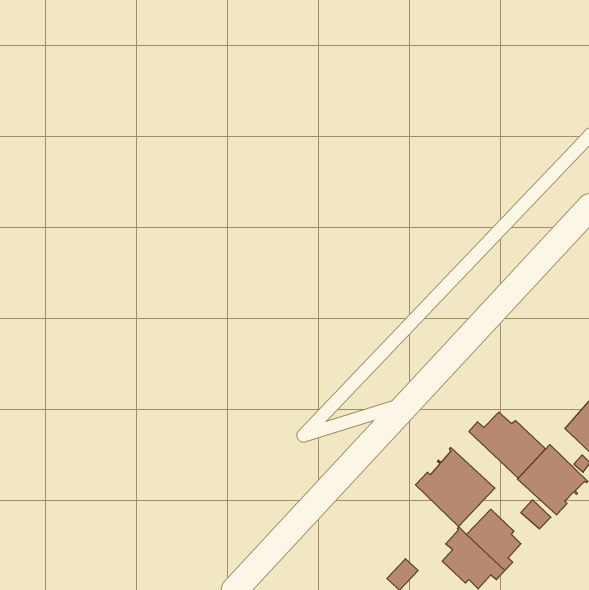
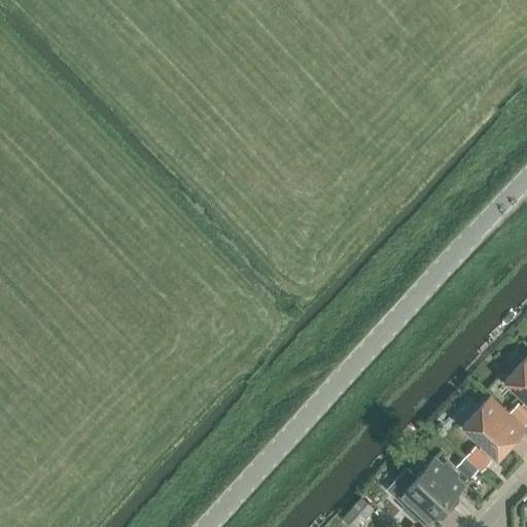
building: [469,412,546,478] -> none
building: [415,448,495,526] -> none

